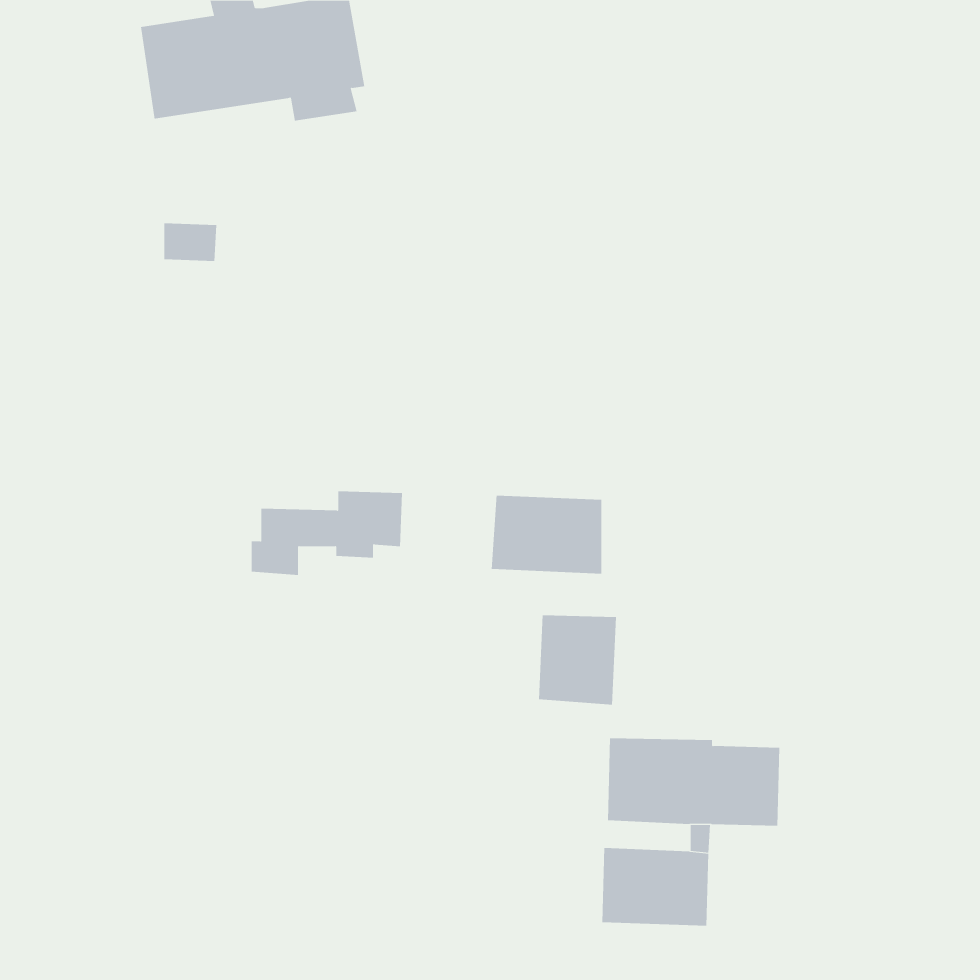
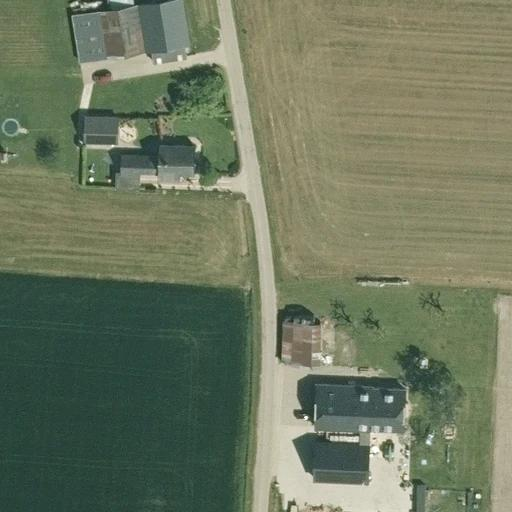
building: [251,491,403,576] -> [115,146,194,190]
building: [491,495,602,574] -> none

